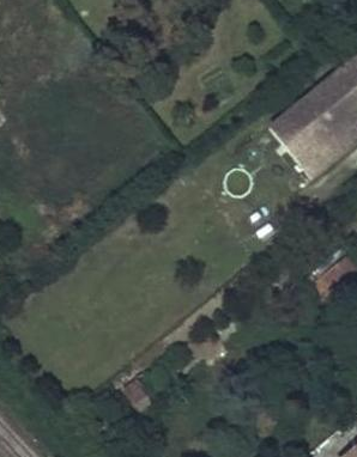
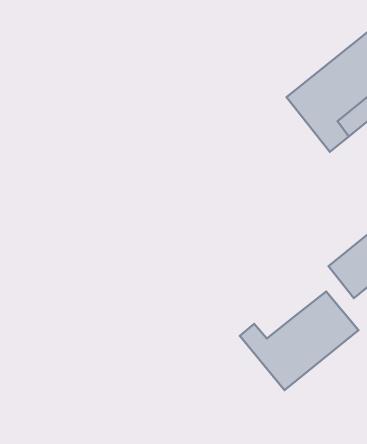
building: none -> [240,291,358,390]

